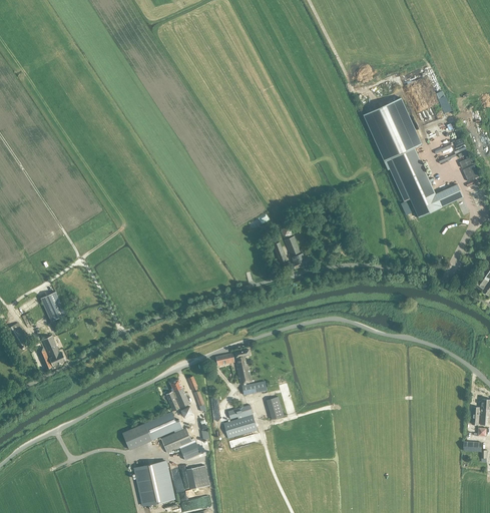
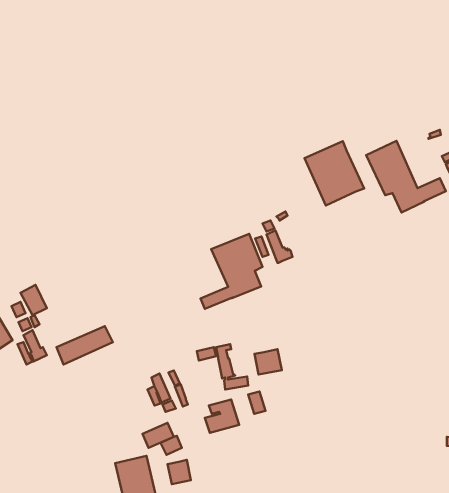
building: [363,97,422,161] -> [305,141,364,206]
building: none -> [200,234,263,309]
building: none -> [254,349,282,375]
building: [123,412,179,450] -> [56,326,113,364]

